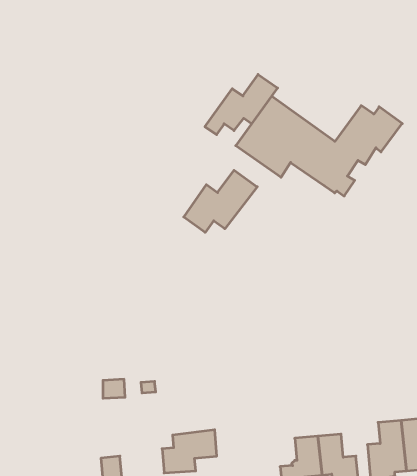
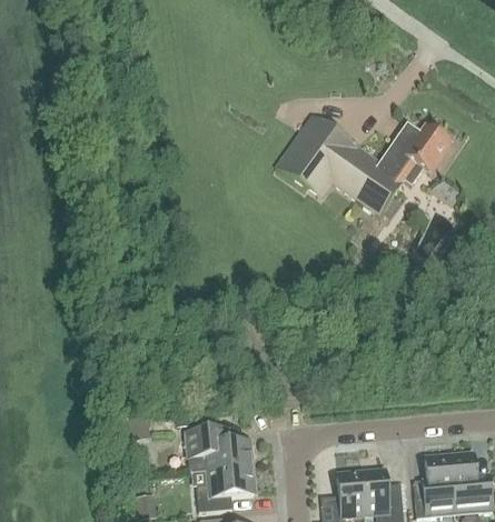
building: [205,74,278,135] -> none
building: [184,170,257,232] -> none
building: none -> [187,429,253,472]

